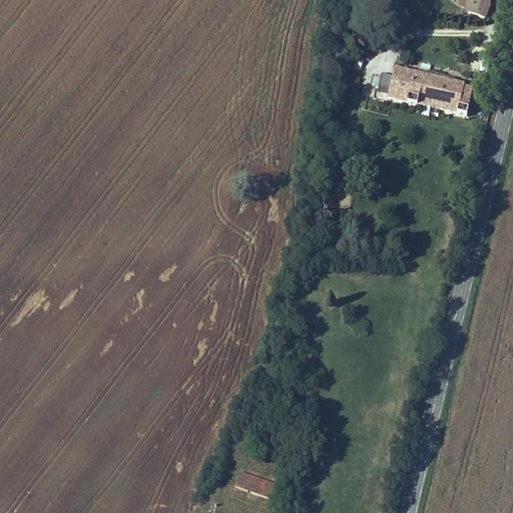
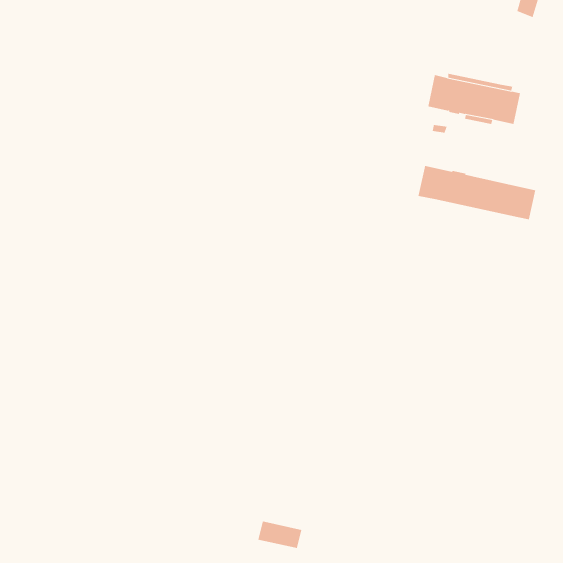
building: none -> [418,165,536,220]

